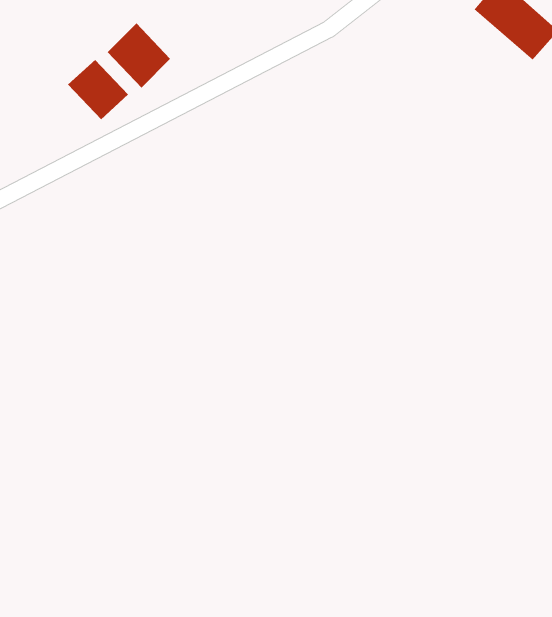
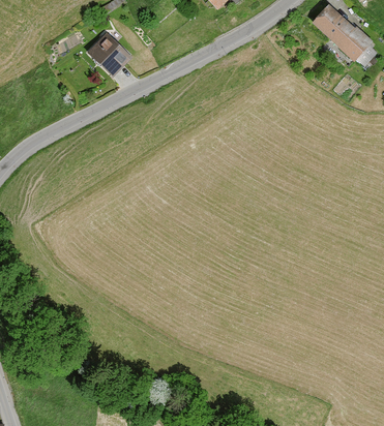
building: [67,59,129,120] -> none

